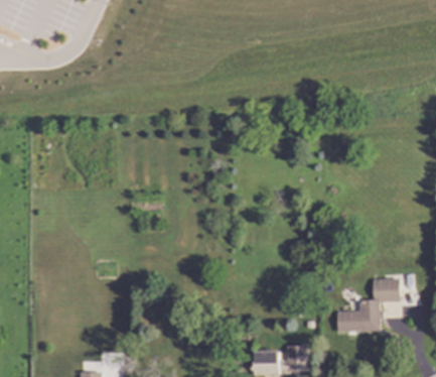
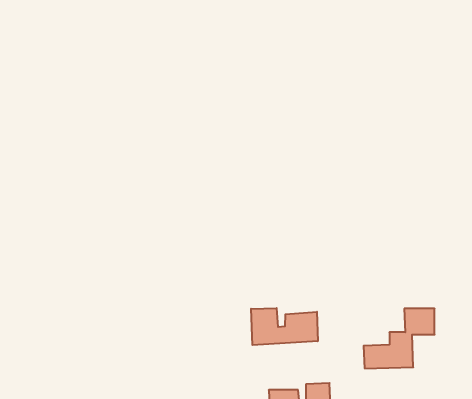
building: none -> [251,308,318,345]

